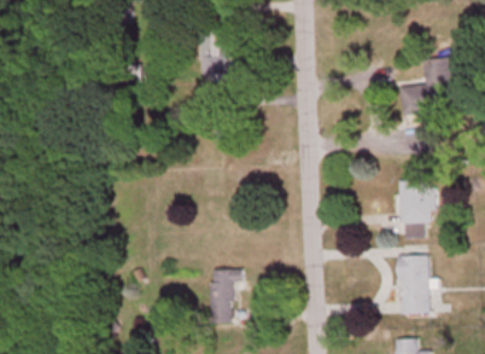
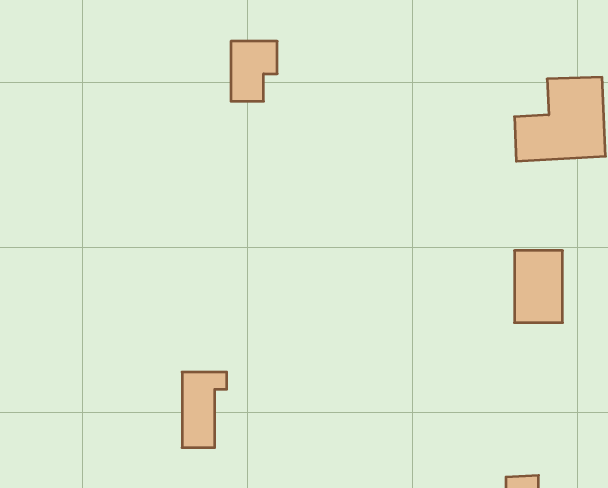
building: [398,254,428,312] -> none
building: [210,268,241,321] -> [182,372,227,448]

